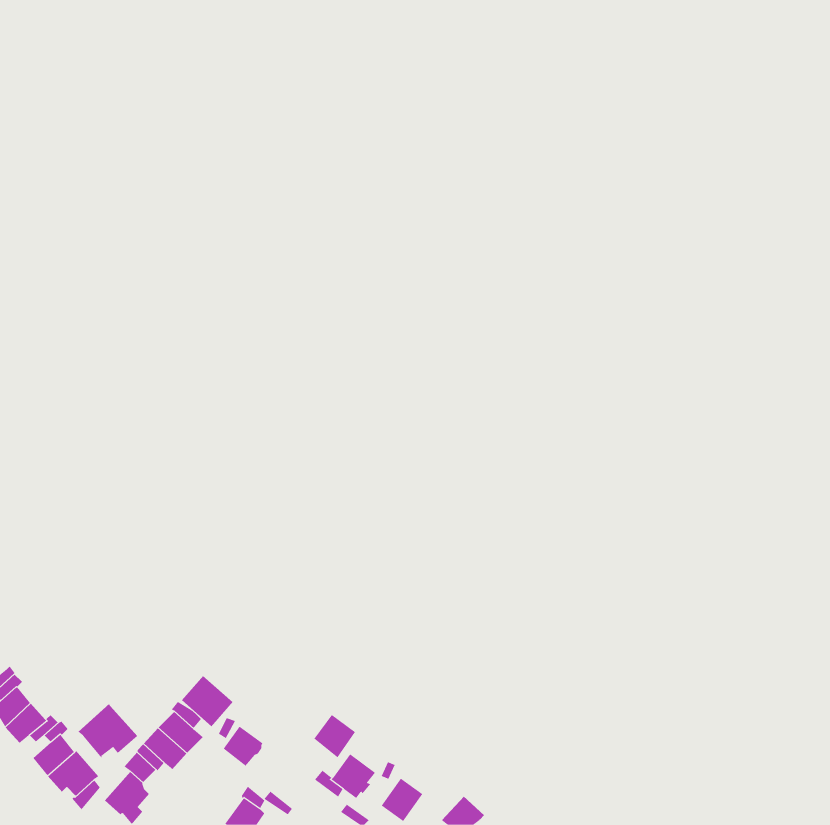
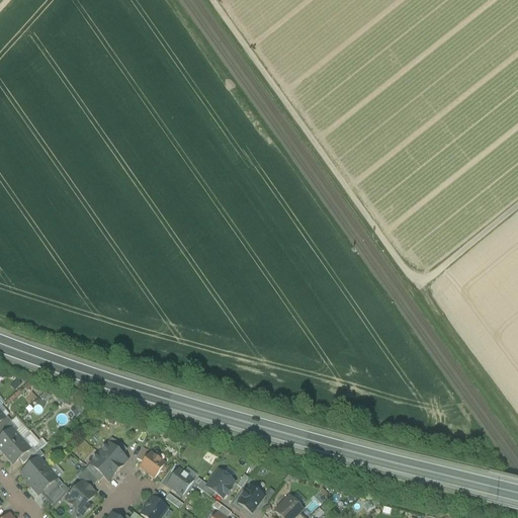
building: [181,675,234,727] -> none
building: [77,703,138,758] -> none
building: [313,714,356,758] -> [166,467,192,495]

